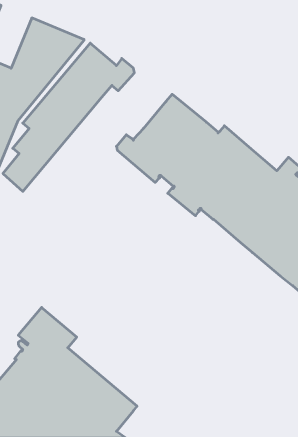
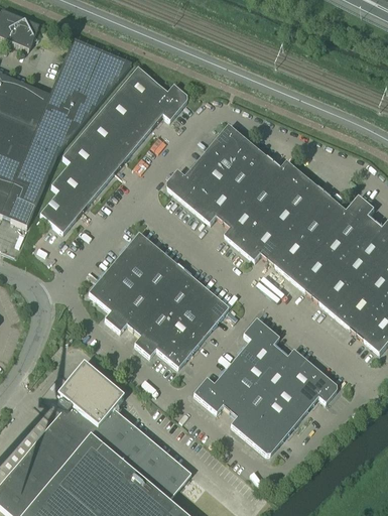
building: none -> [89,232,229,367]
building: none -> [193,317,337,454]

